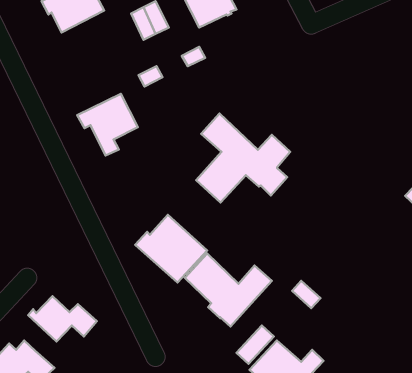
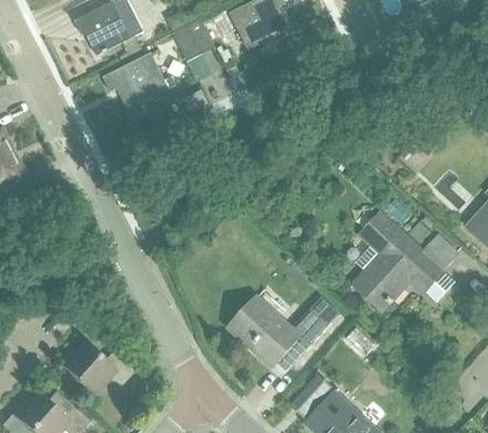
building: [77,94,138,156] -> [103,52,170,120]
building: [196,113,290,203] -> [354,212,457,310]
building: [135,215,207,283] -> none

